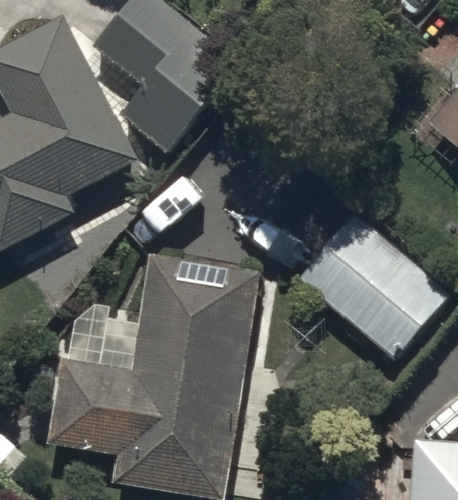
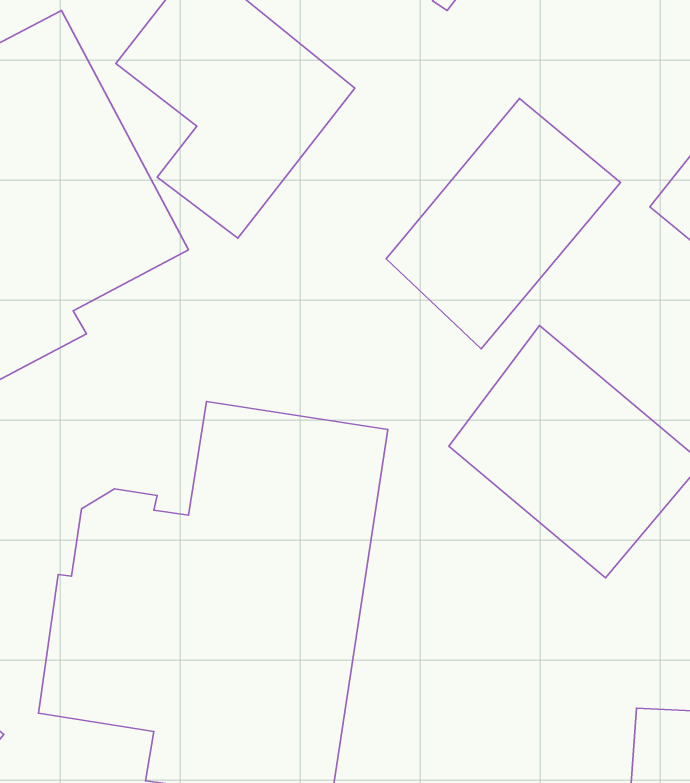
building: none -> [386,99,620,349]

